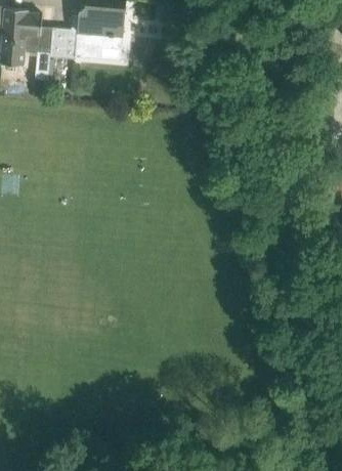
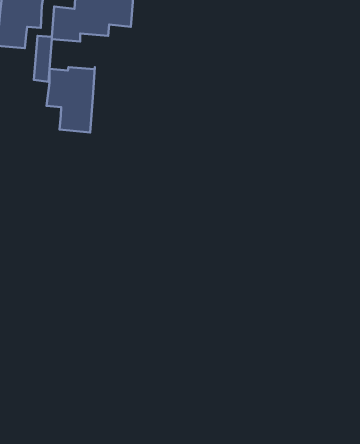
building: none -> [47,67,95,132]

